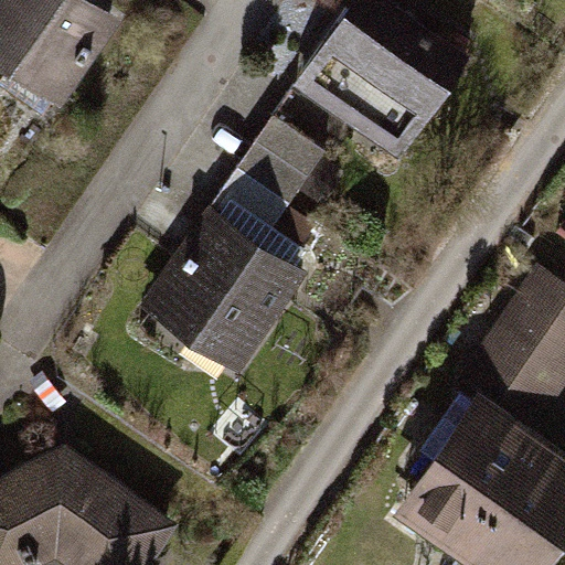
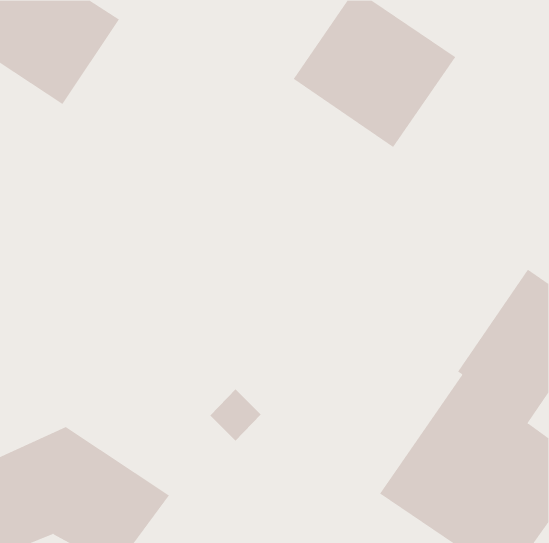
building: [145,115,329,369] -> none

